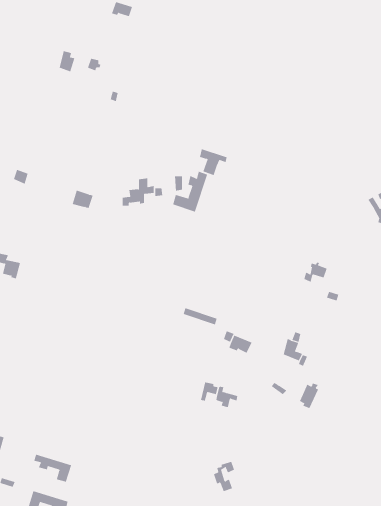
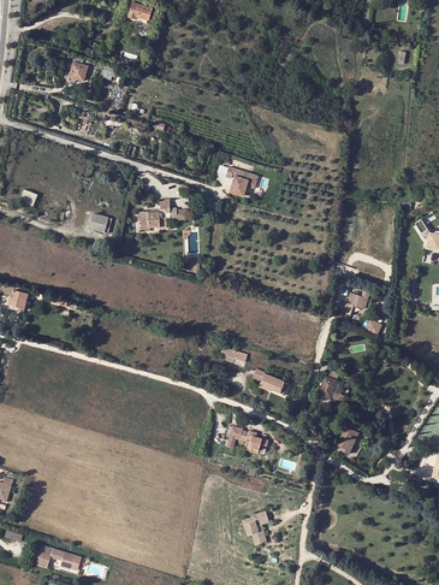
building: [172,171,208,213] -> none
building: [34,454,72,483] -> none

